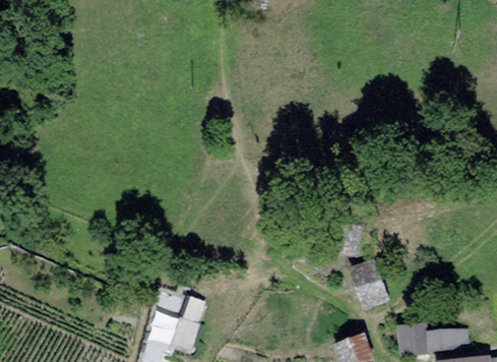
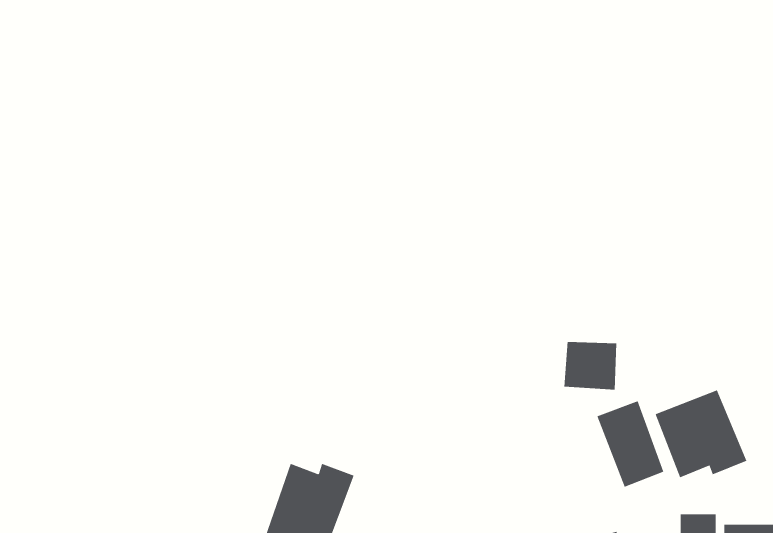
building: none -> [655,389,747,478]

